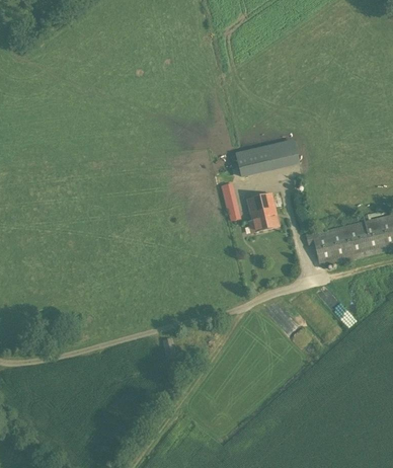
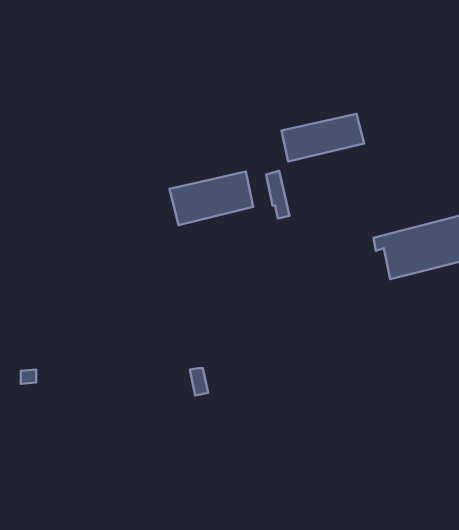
building: none -> [169,171,253,225]
building: [247,192,281,233] -> none

